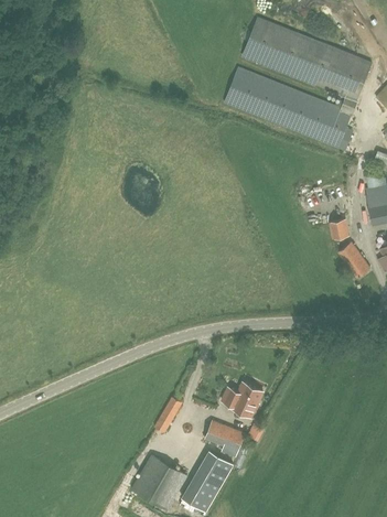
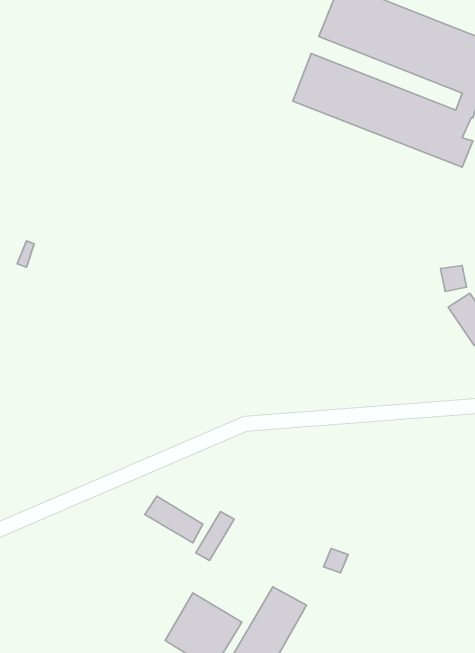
building: [219,379,264,418] -> none
building: none -> [145,496,203,543]
building: [204,419,244,454] -> none

